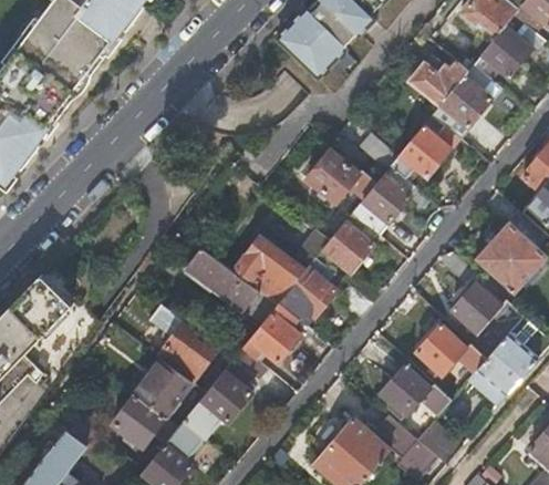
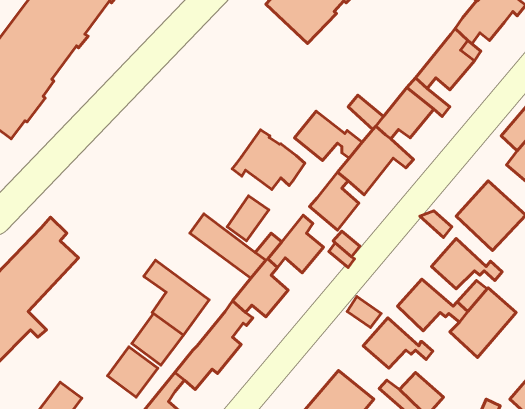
building: [411,54,468,105] -> none
building: none -> [232,130,305,189]

